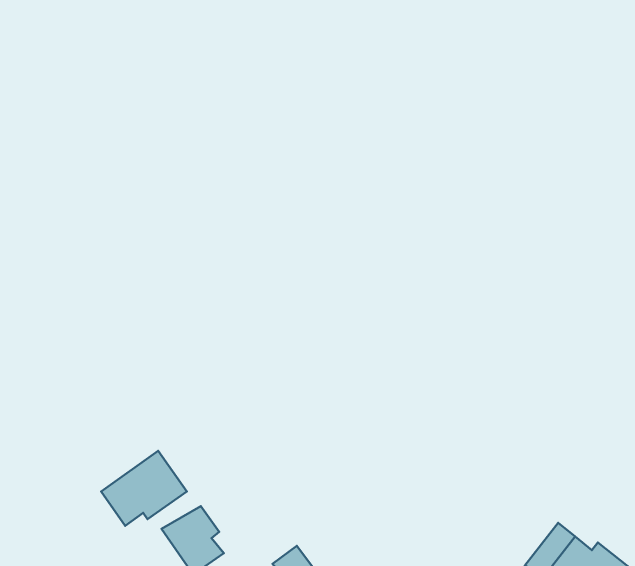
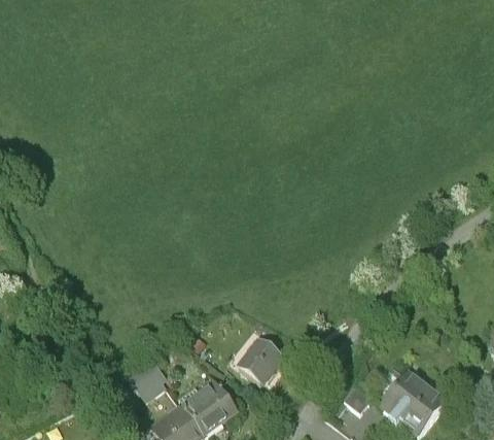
building: [101,451,187,526] -> none
building: none -> [238,339,281,383]

